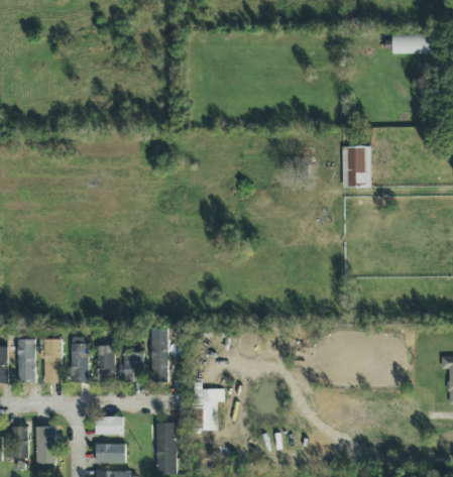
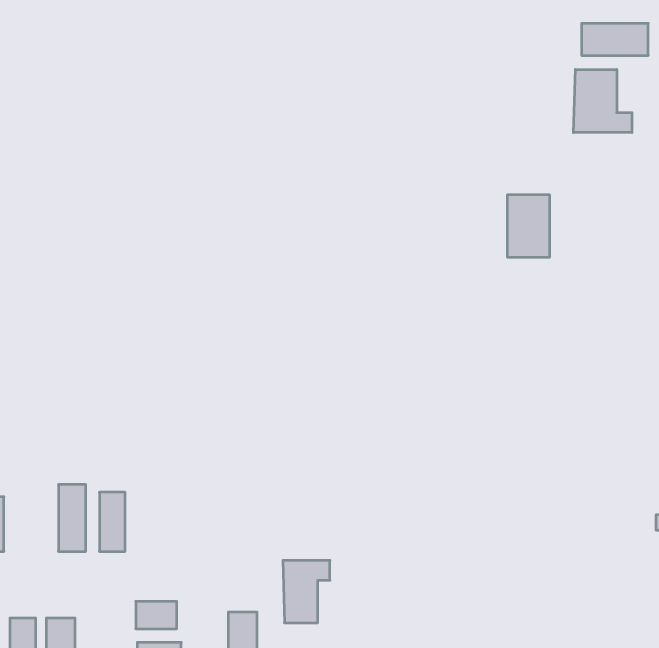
building: none -> [573,69,632,133]
building: [17,338,34,382] -> none
building: [150,338,167,380] -> none
building: [96,345,114,381] -> none
building: [123,352,142,381] -> none

